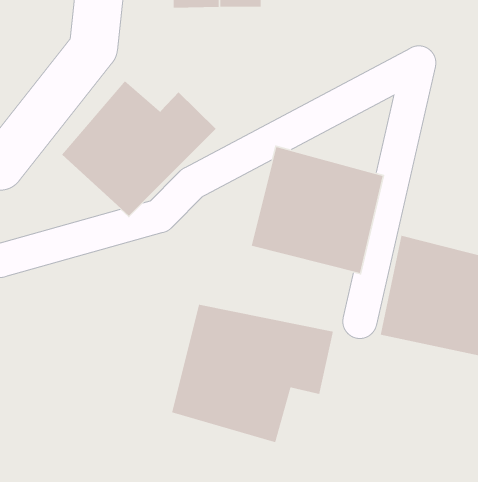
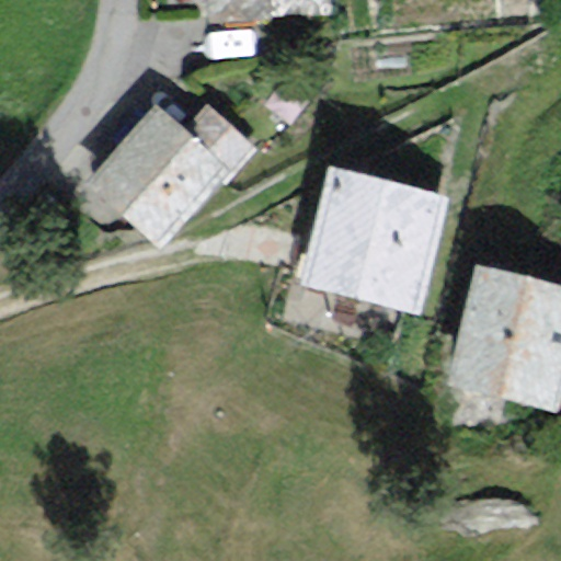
building: [171,304,334,443] -> none

